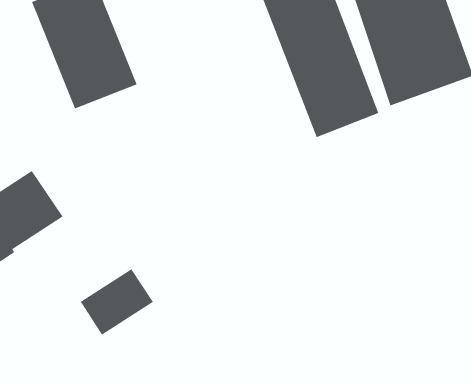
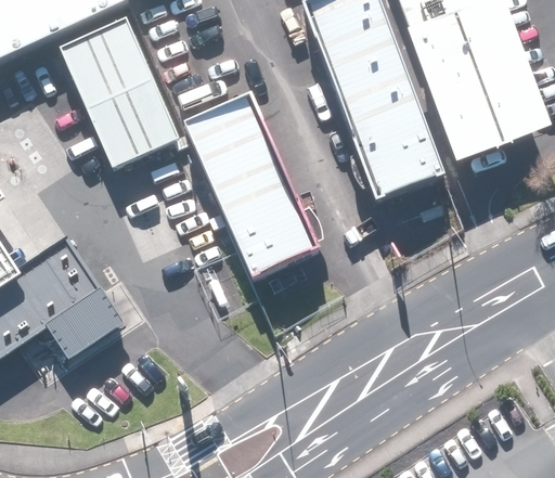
building: none -> [185,95,317,276]
building: [80,267,154,335] -> [43,284,125,359]

